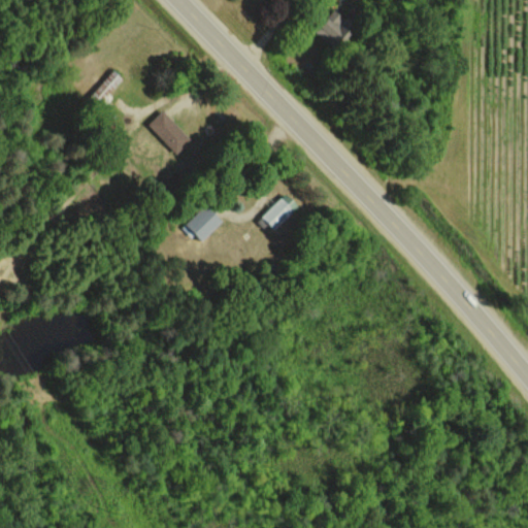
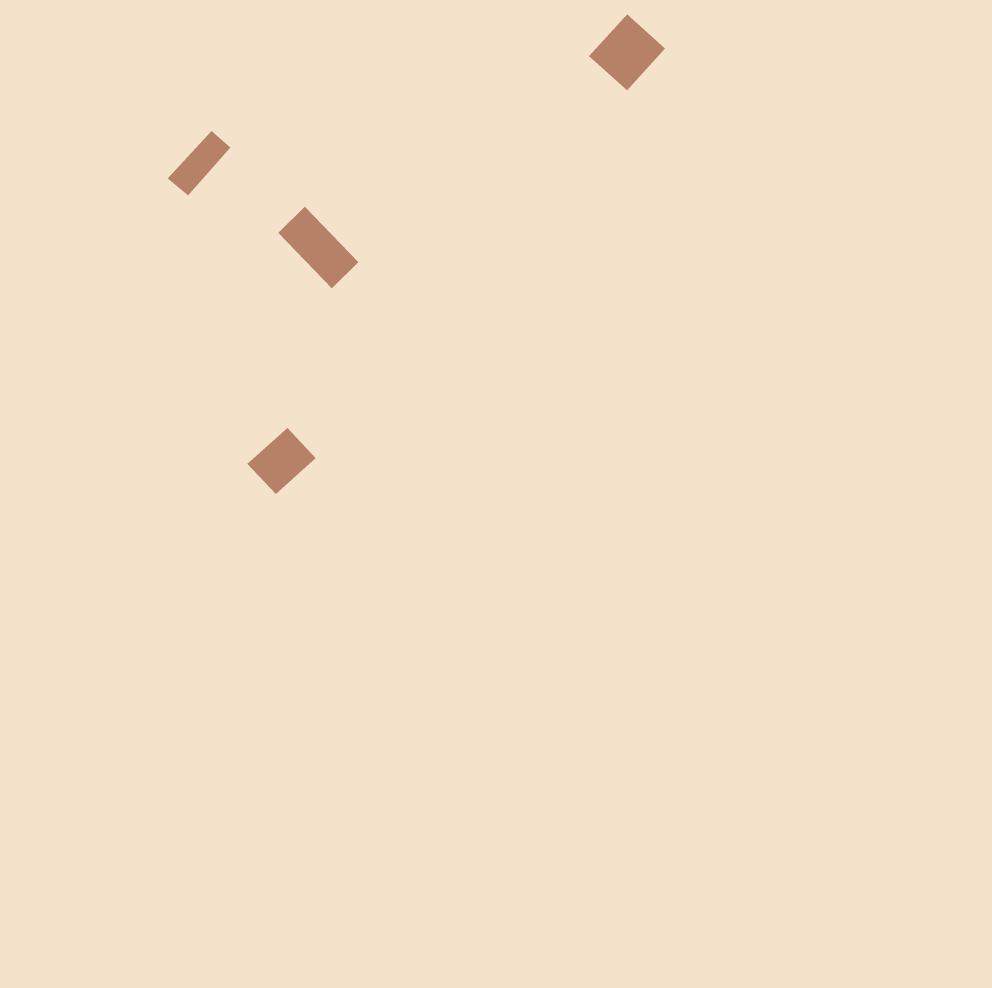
building: [260,194,298,230] -> none
building: [185,205,222,241] -> [247,427,317,495]

